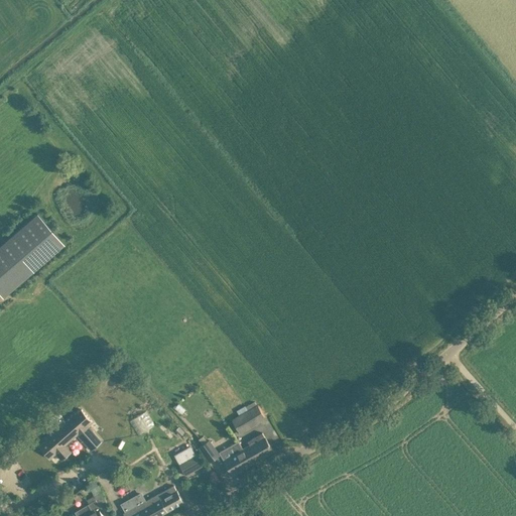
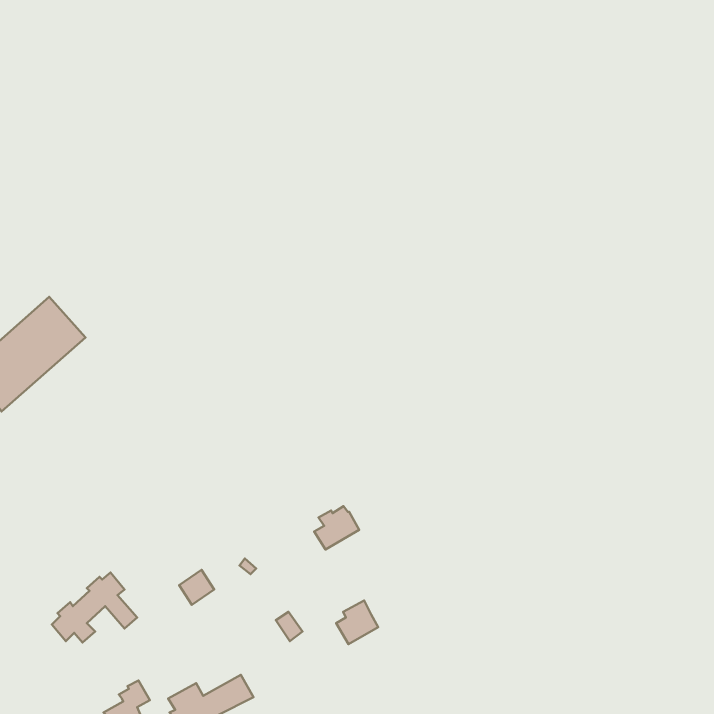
building: [232,402,264,433] -> [314,506,359,550]
building: [174,447,202,475] -> none
building: [224,449,251,476] -> none

